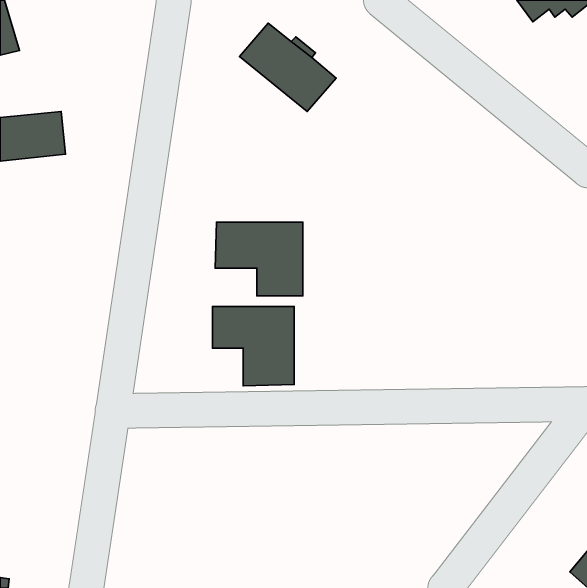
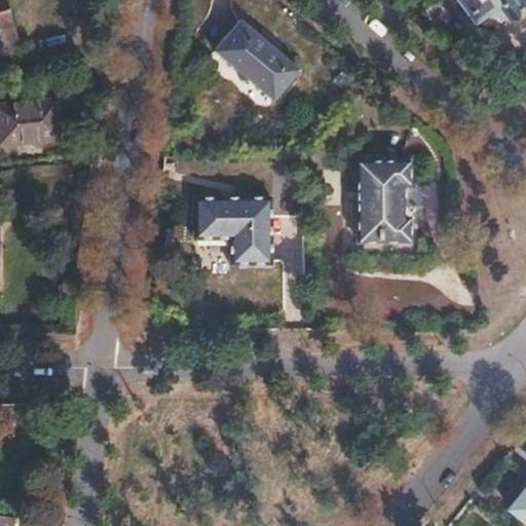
building: none -> [359,160,410,243]
building: [213,306,294,386] -> none

